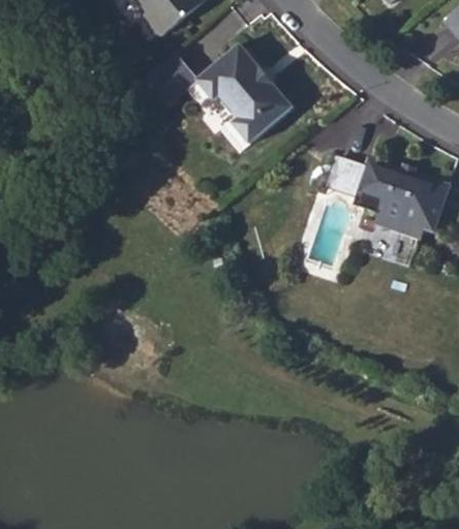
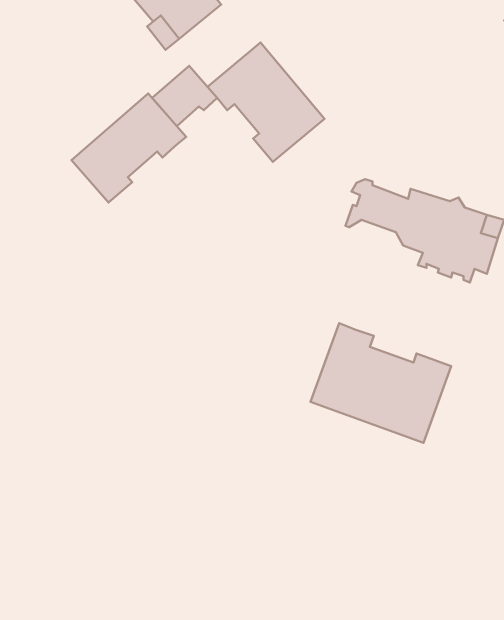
building: none -> [72,94,186,202]
building: none -> [311,323,451,443]

